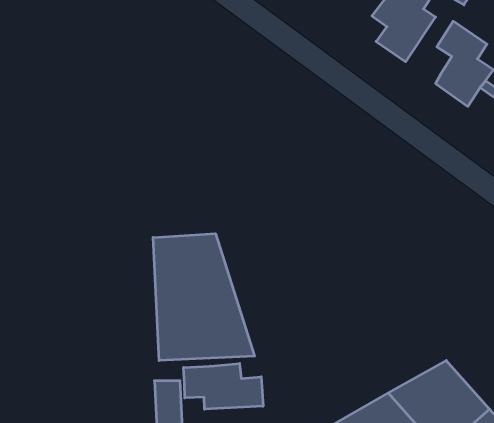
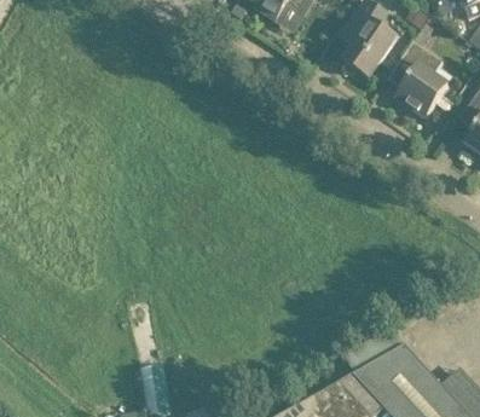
building: [153,234,255,361] -> none
building: [184,363,263,409] -> none

